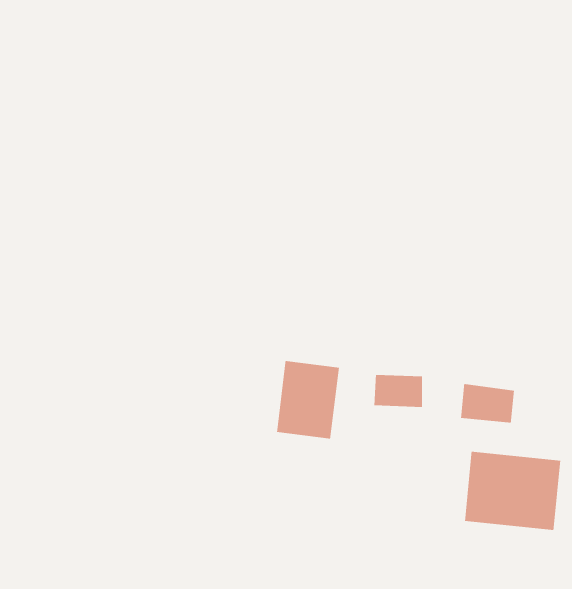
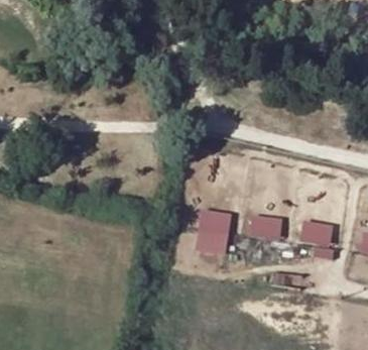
building: [464,451,561,531] -> none

